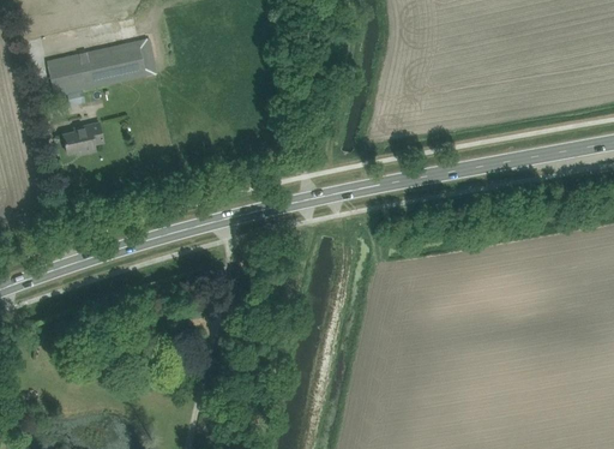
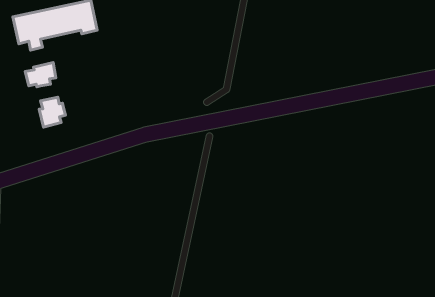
building: none -> [39,97,66,127]

